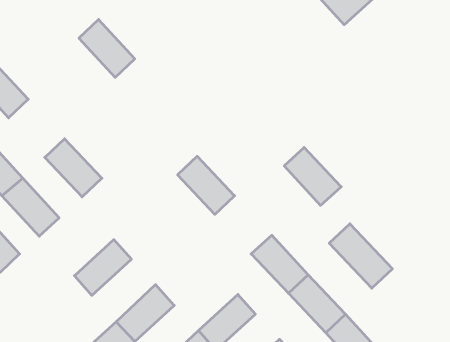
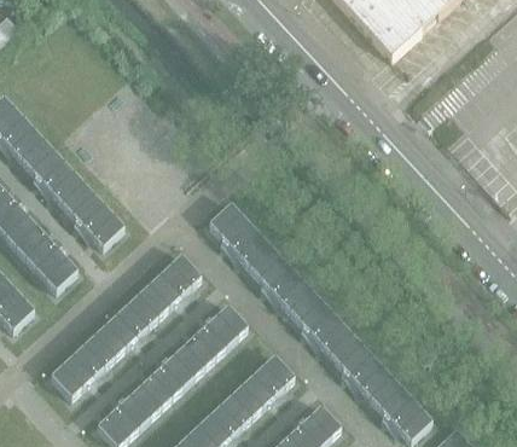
building: [79,19,135,77] -> [22,140,83,204]
building: [284,147,341,205] -> [249,246,312,310]
building: none -> [138,254,201,317]
building: [329,224,392,288] -> none
building: none -> [184,304,248,367]
building: none -> [51,335,114,397]

